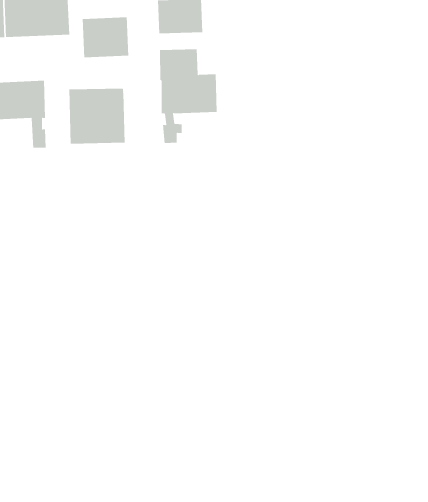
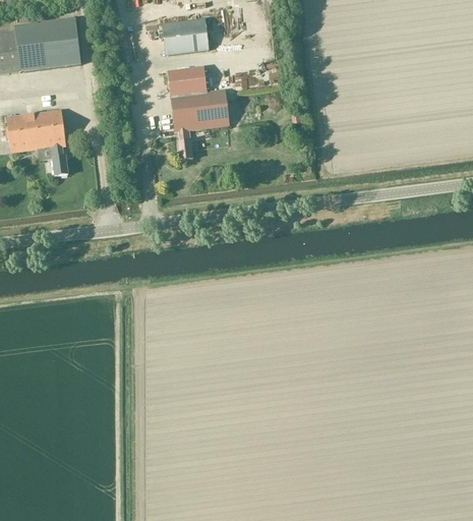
building: [82,17,129,58] -> none
building: [69,88,125,144] -> none

